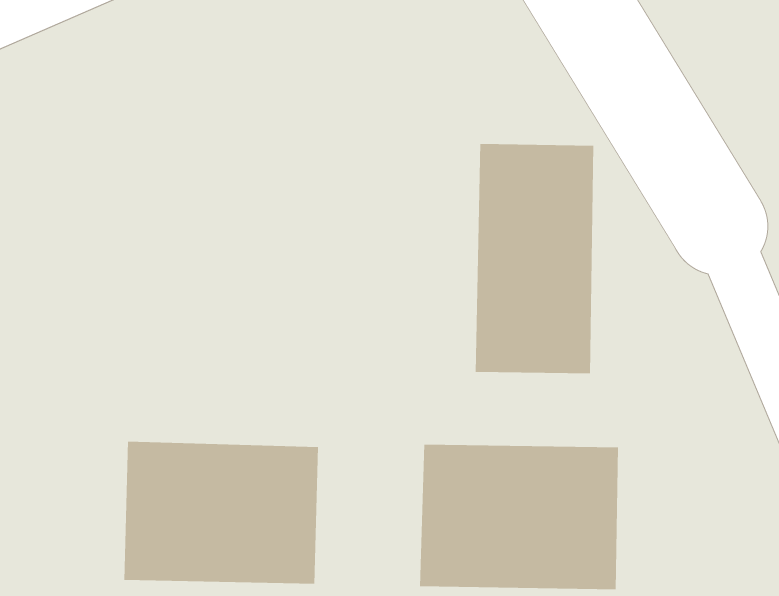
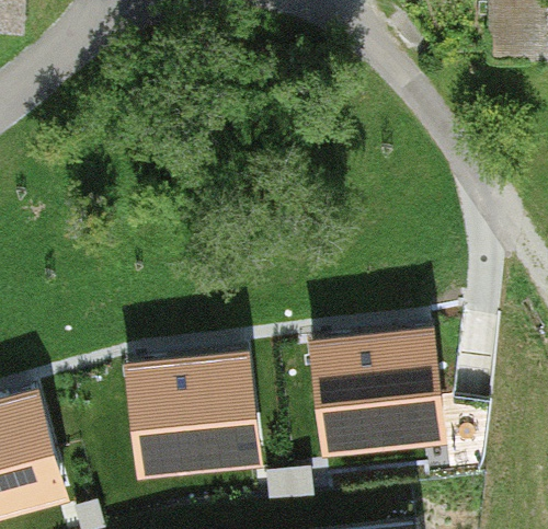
building: [475,143,594,374] -> none

